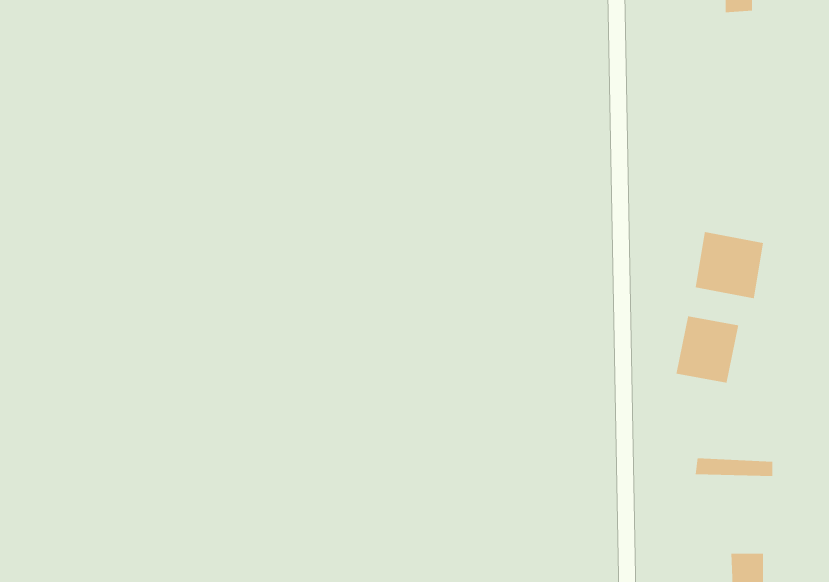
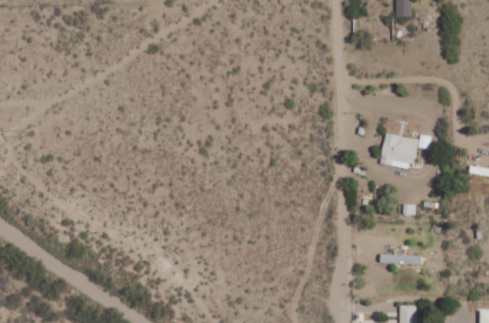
building: [676,315,739,384] -> none

